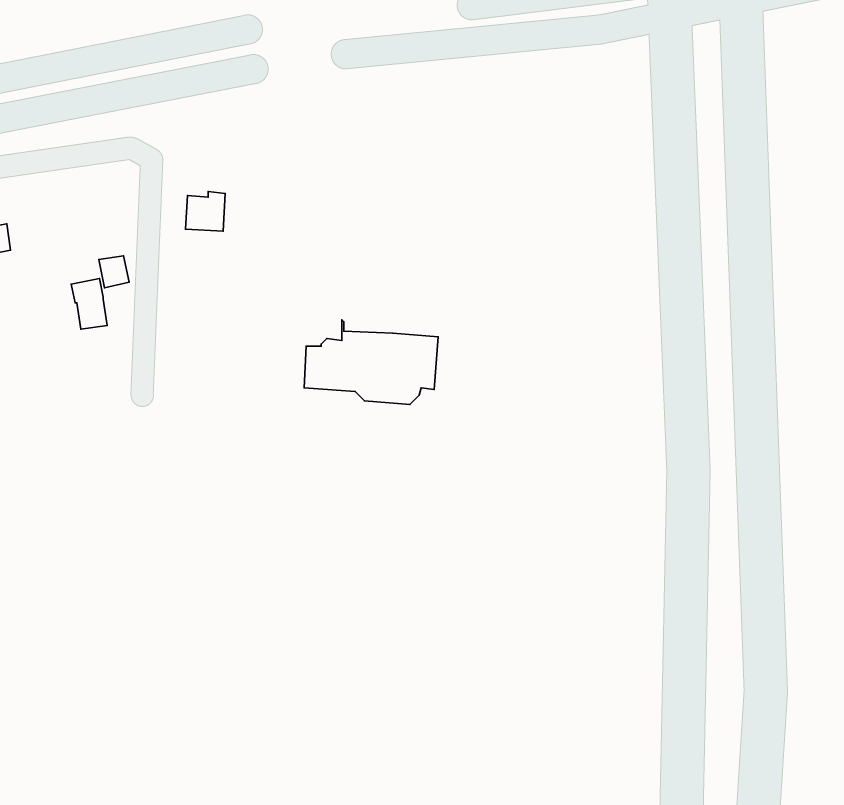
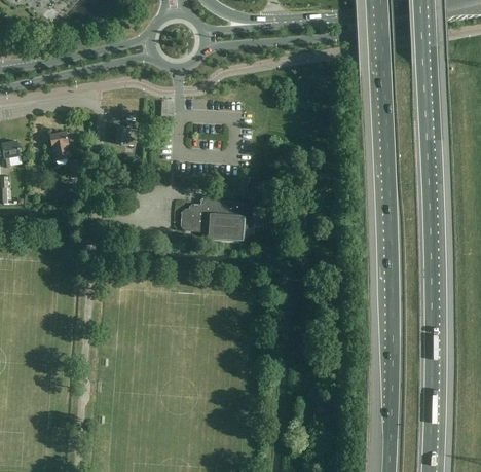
building: [71,278,107,329] -> [49,132,69,159]

